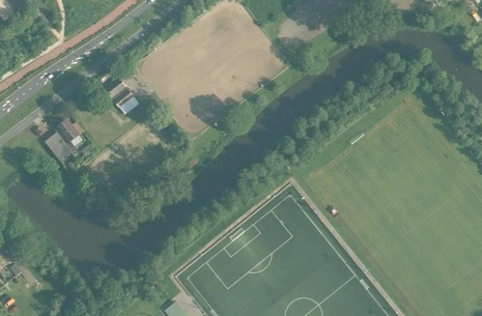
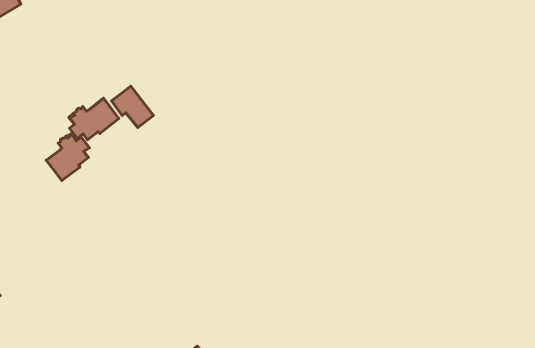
building: none -> [69,98,119,140]

